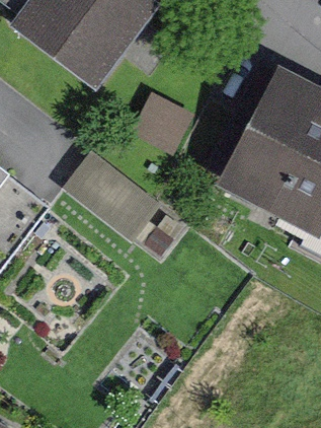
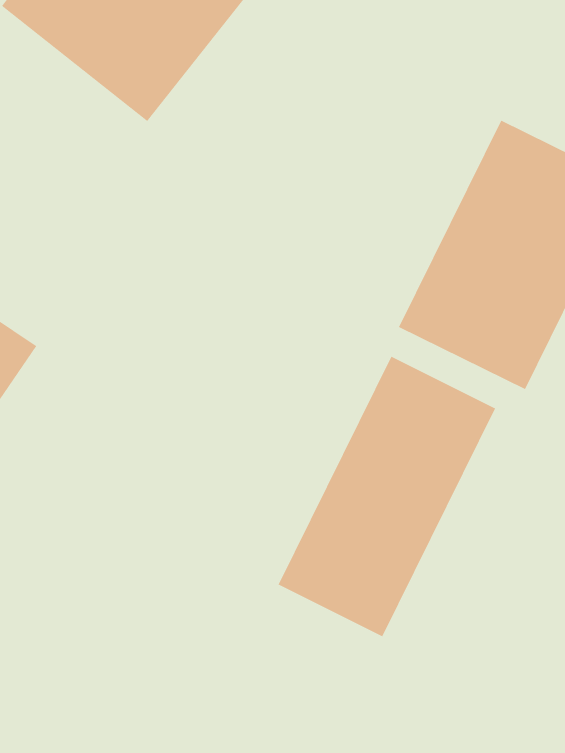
building: none -> [278,356,496,637]

